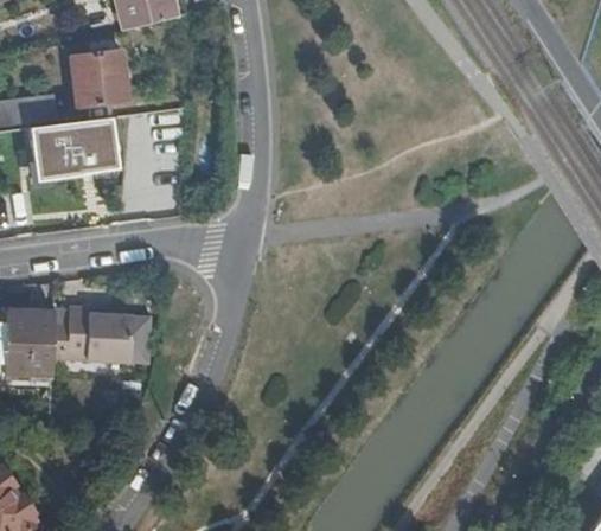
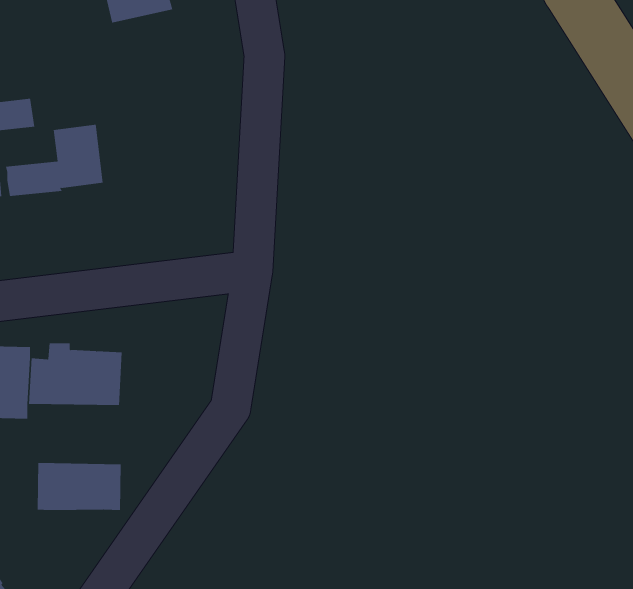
building: [73,51,128,107] -> none
building: none -> [37,462,121,511]

